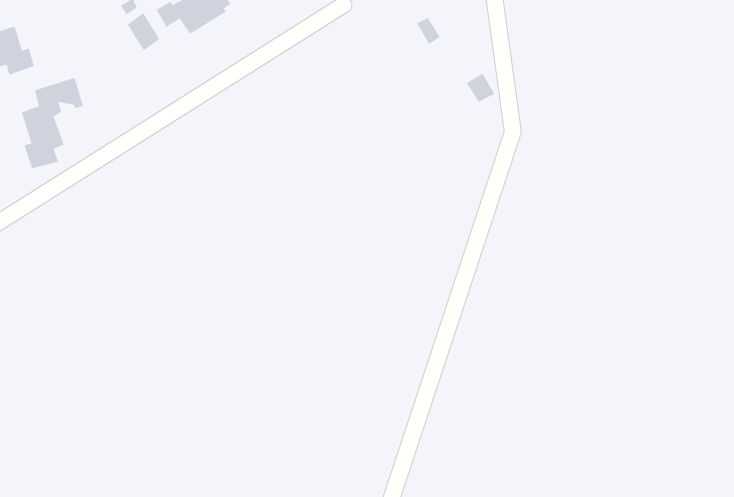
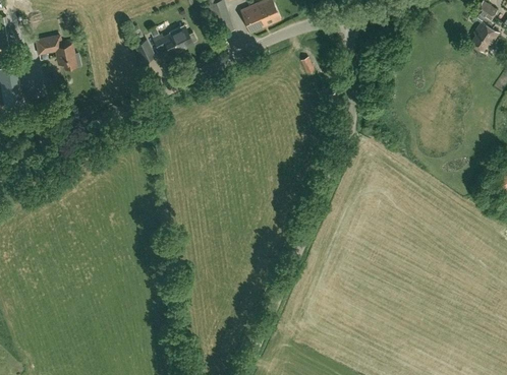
building: [21,77,84,169] -> none

